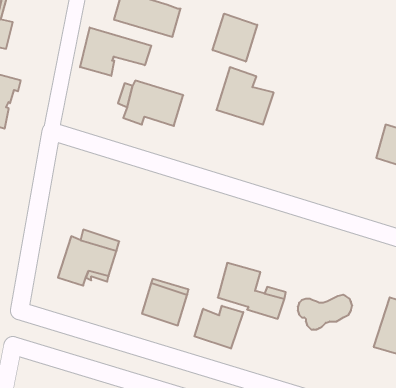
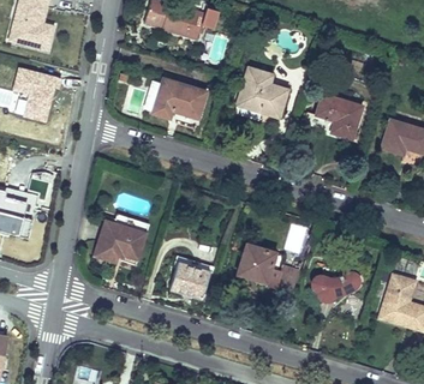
building: [213,14,257,62] -> none
building: [80,27,151,76] -> none
building: none -> [316,94,362,138]
building: [194,306,243,349] -> none

